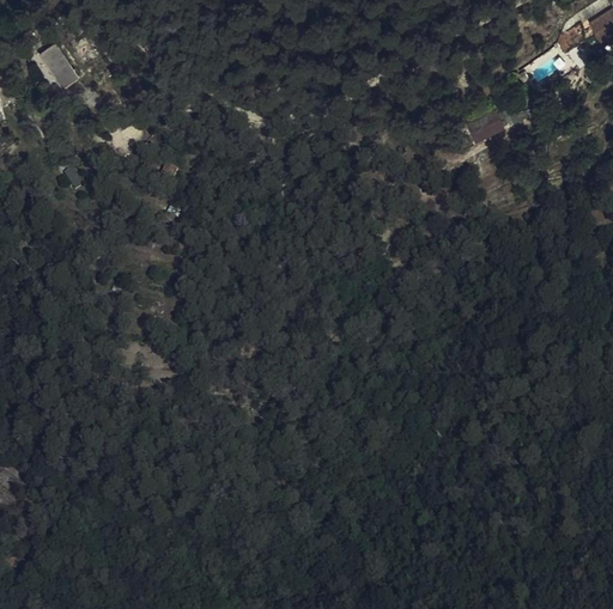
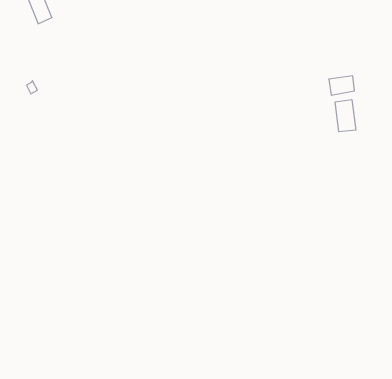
building: none -> [335,100,356,132]

